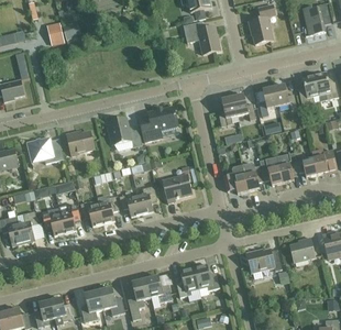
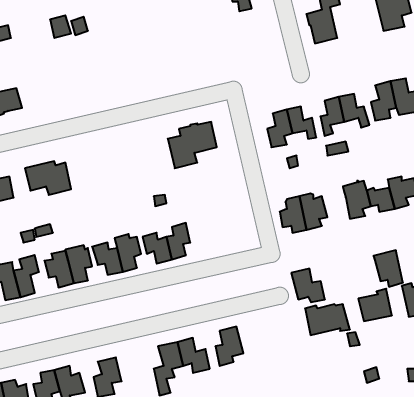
building: [183,21,220,54] -> none
building: [108,117,142,150] -> none
building: [66,131,94,155] -> none
building: [258,156,282,185] -> [373,250,403,287]
building: [162,174,191,202] -> none
building: [193,263,219,289] -> [291,269,325,302]
building: [98,287,124,315] -> none

